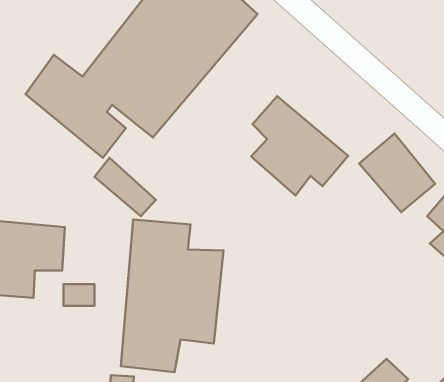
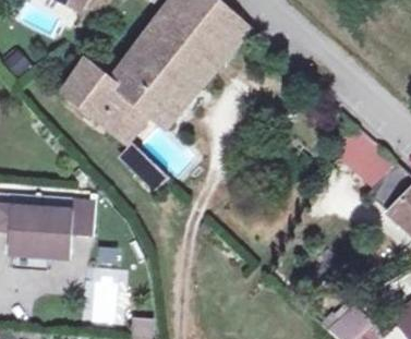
building: [251,96,348,195] -> none
building: [121,219,224,372] -> none

